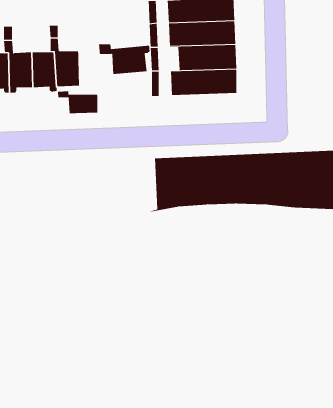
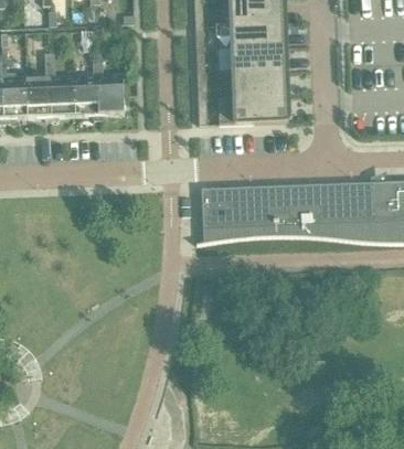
building: [99,44,150,75] -> none
building: [57,90,98,114] -> none

